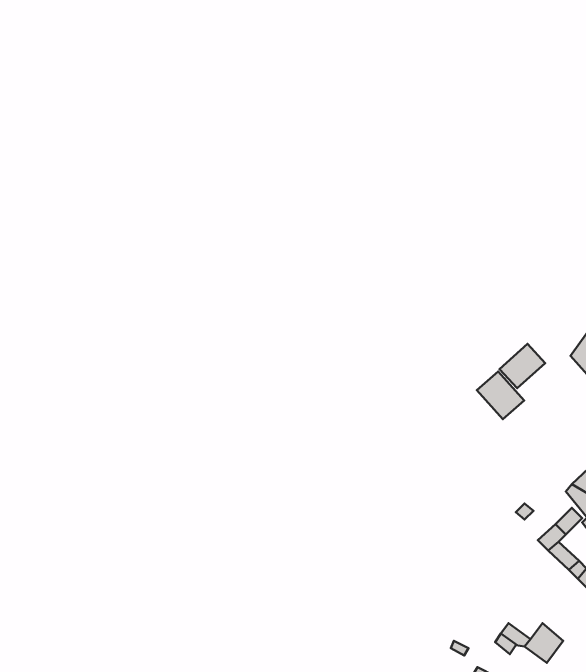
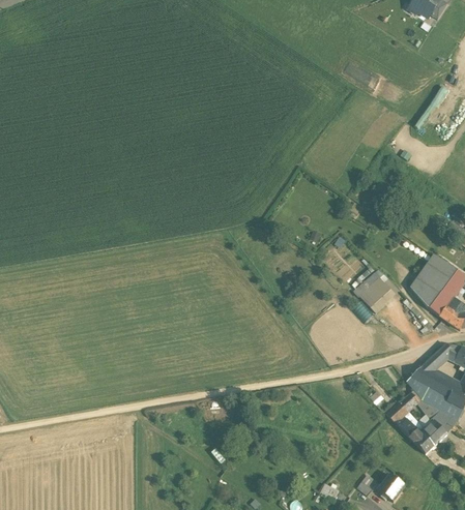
building: [477,372,524,419] -> none

